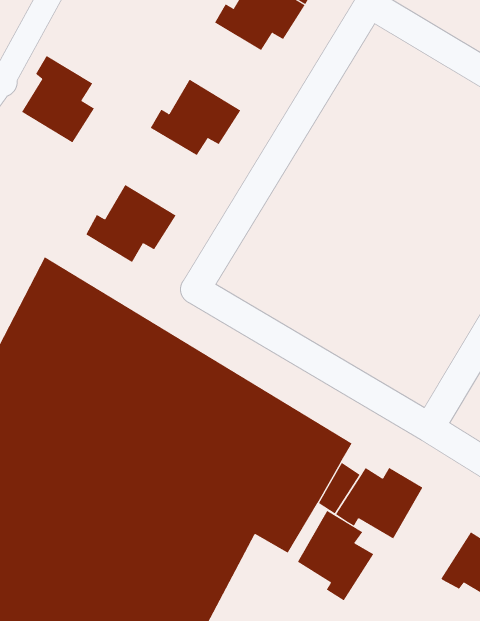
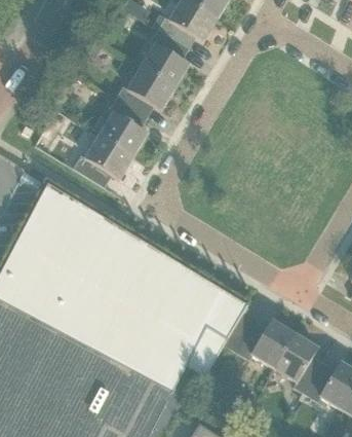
building: none -> [141,30,188,87]
building: [21,55,95,143] -> [99,99,147,156]
building: [297,510,374,601] -> [274,334,324,394]

